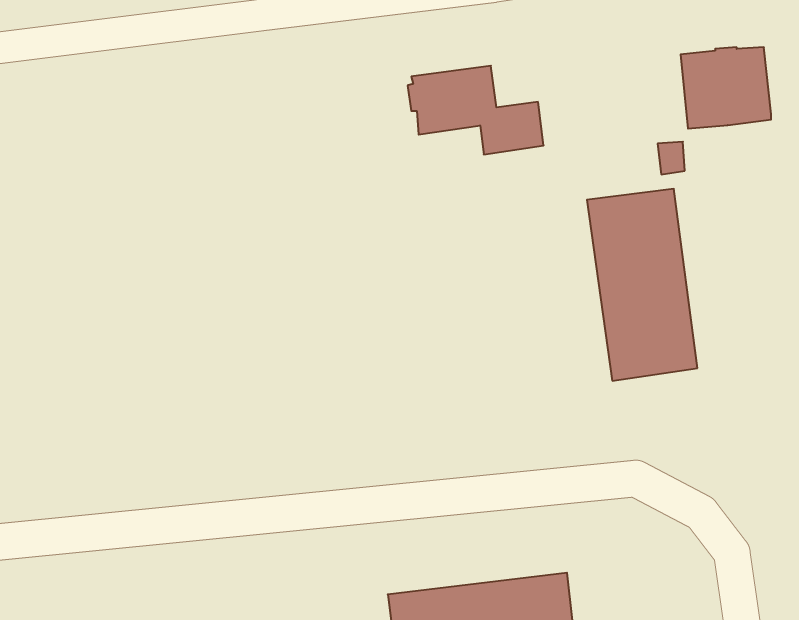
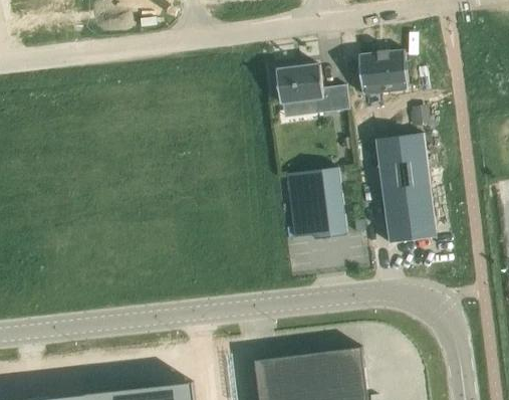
building: [681,47,771,129] -> [357,50,408,95]
building: none -> [286,168,346,240]

